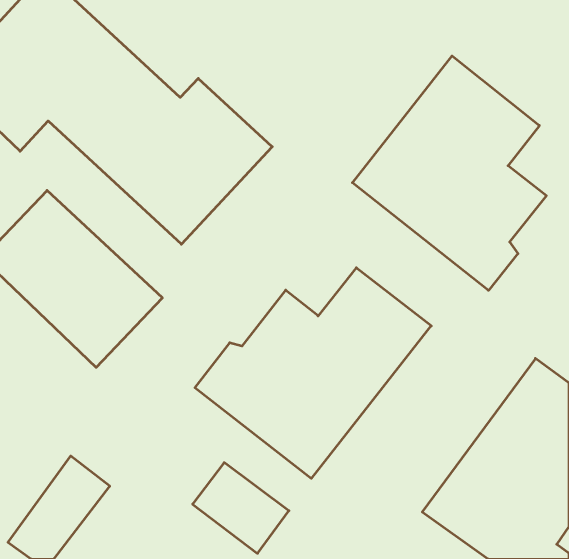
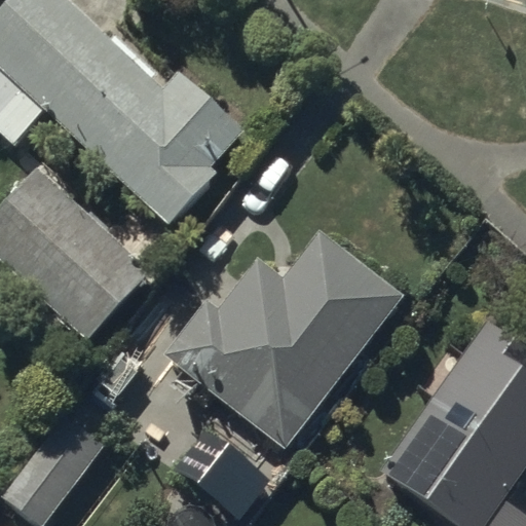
building: [352,56,546,290] -> none

